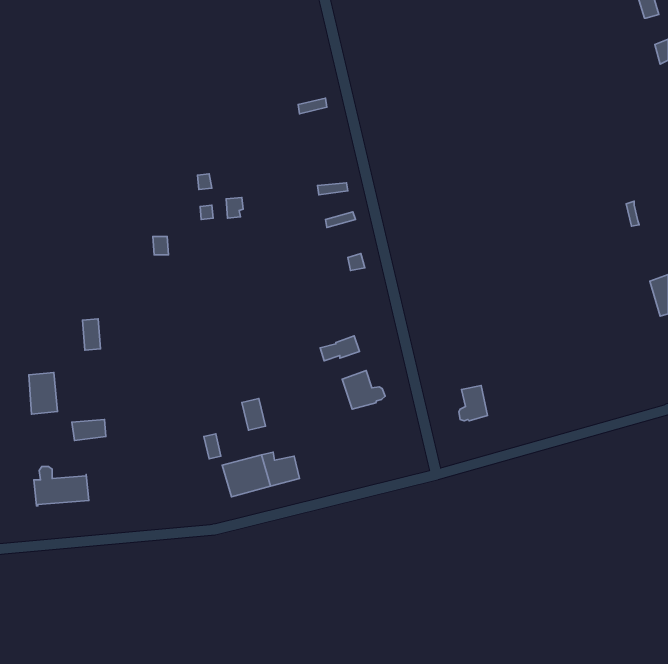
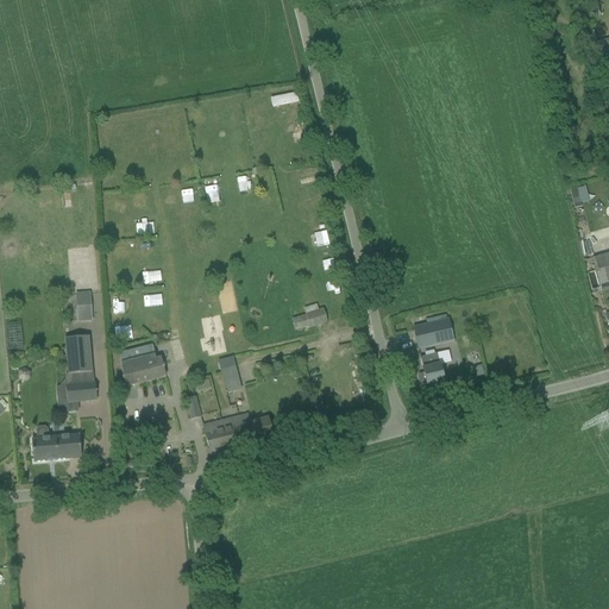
building: none -> [413,310,453,346]
building: [342,371,385,409] -> none
building: [29,372,58,414] -> [65,334,92,372]
building: none -> [119,343,167,385]

